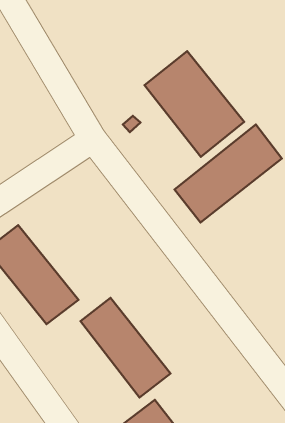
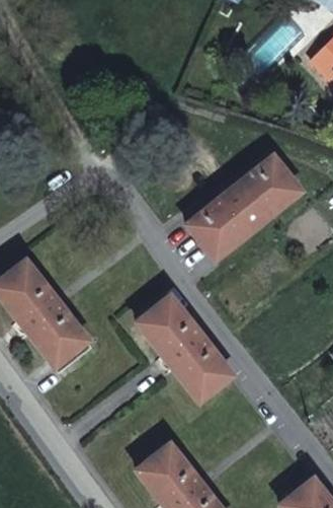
building: [144,51,244,157] -> none
building: [81,298,171,398] -> [138,296,232,401]

